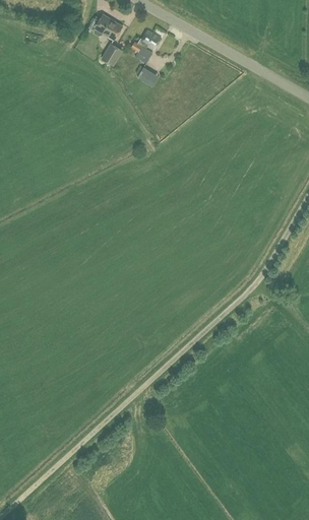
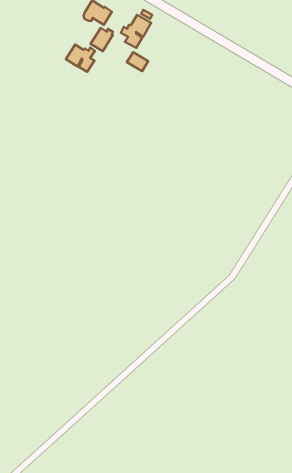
building: none -> [66,45,95,72]

